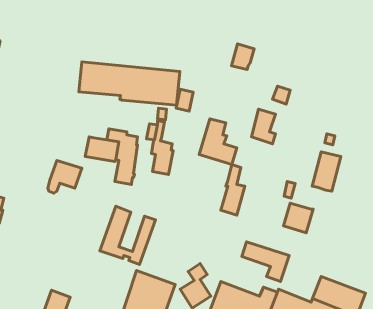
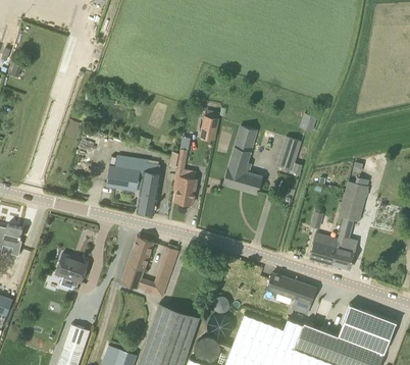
building: [231,44,254,70] -> [235,124,258,151]
building: [79,62,180,105] -> none
building: [48,160,82,193] -> [53,254,88,288]
building: [221,165,245,215] -> [334,217,358,269]

